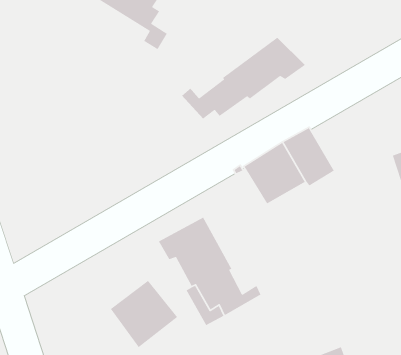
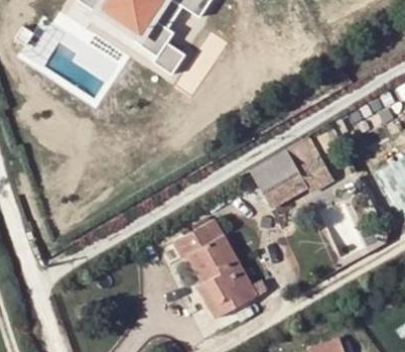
building: [181,37,306,120] -> none
building: [110,280,178,348] -> none

